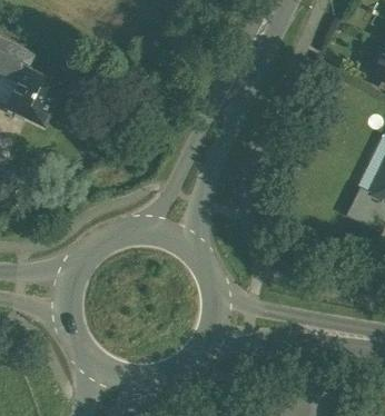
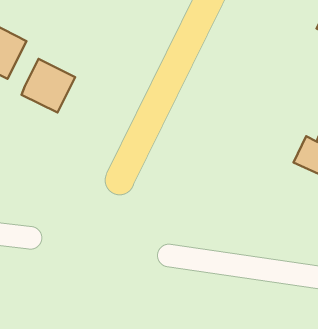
building: none -> [21,59,75,112]

